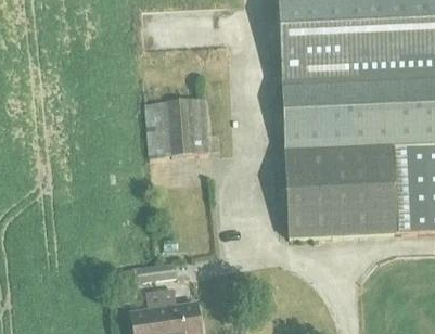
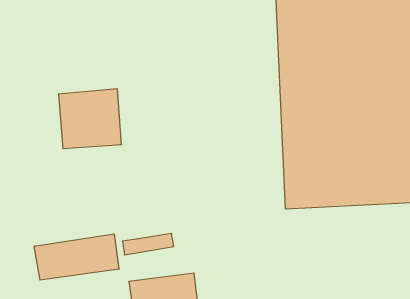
building: [145,95,209,156] -> [58,89,122,149]
building: none -> [34,234,119,280]

